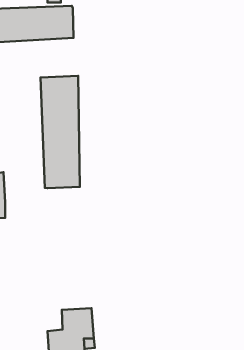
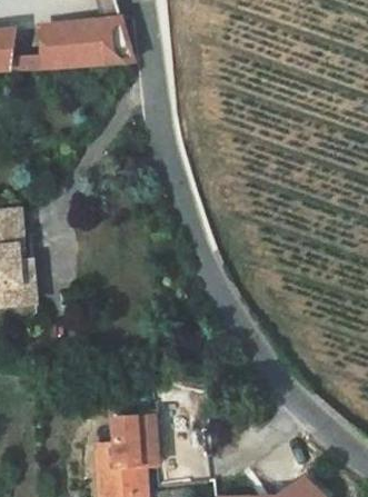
building: [41,76,80,188] -> none

